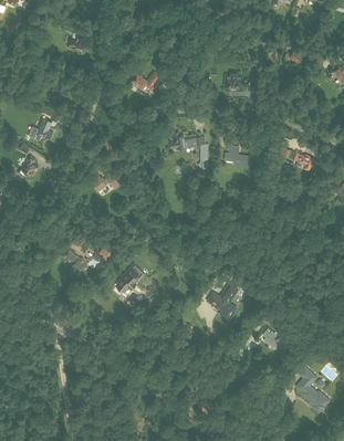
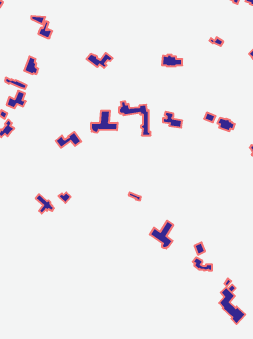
building: none -> [91,111,118,133]
building: [113,267,139,301] -> none

